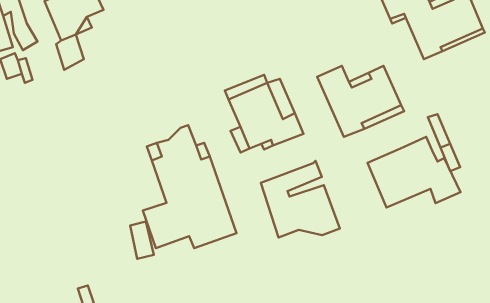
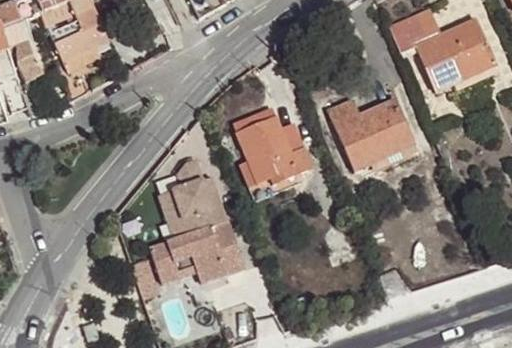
building: [367,137,460,208] -> none
building: [261,161,340,238] -> none

